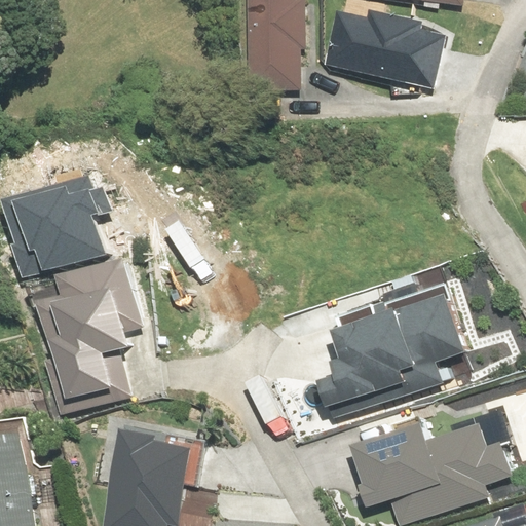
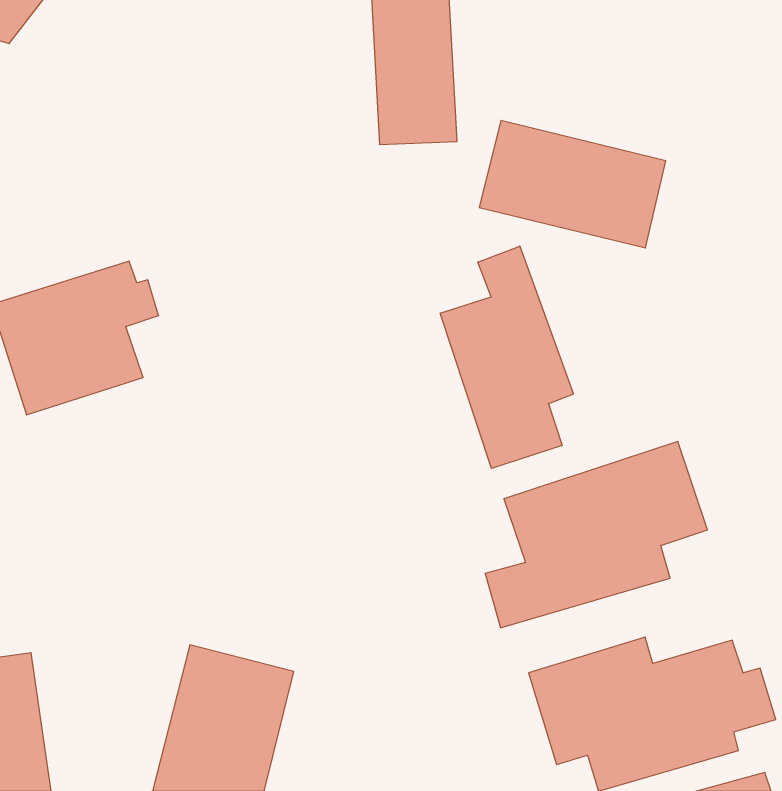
building: [321,6,444,90] -> [479,120,666,248]
building: none -> [440,246,574,468]
building: [34,257,143,411] -> none

